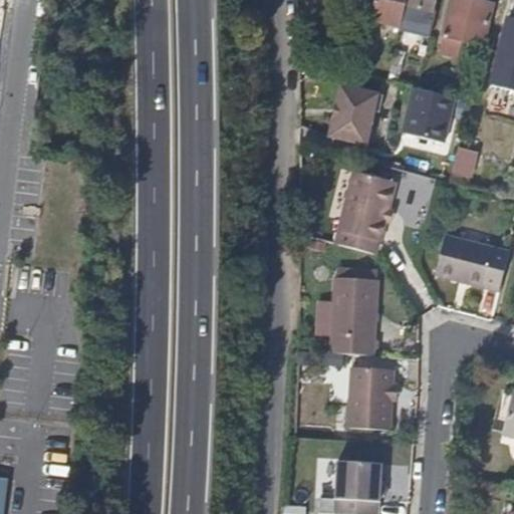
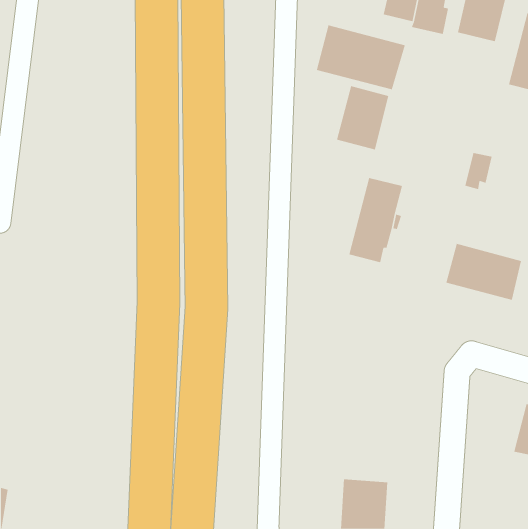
building: none -> [316,25,405,90]
building: [405,85,457,141] -> none
building: [328,276,376,355] -> none
building: [346,366,392,430] -> none

